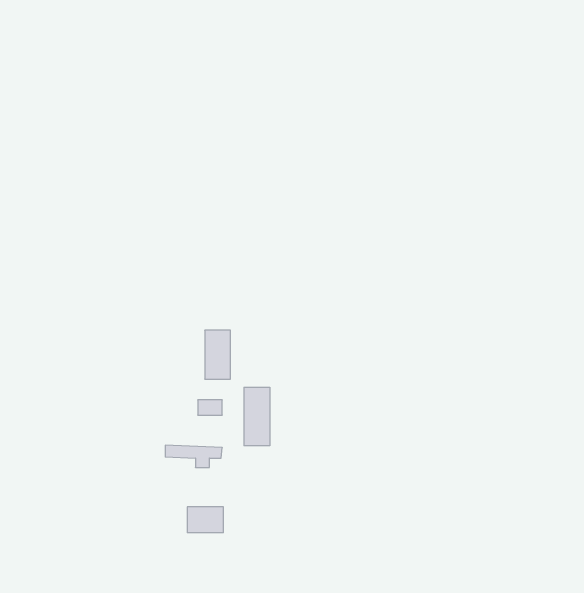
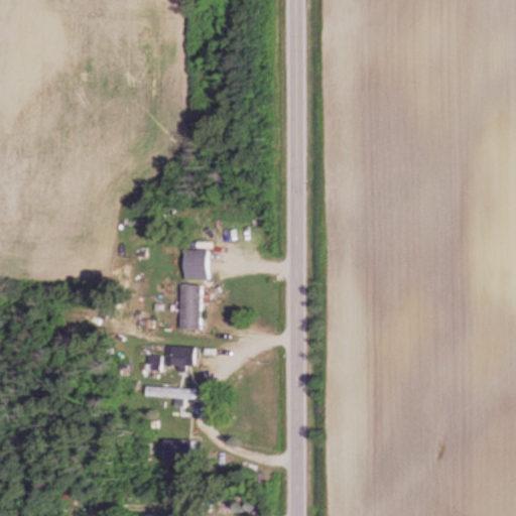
building: none -> [183,250,207,279]
building: [244,387,270,446] -> none

